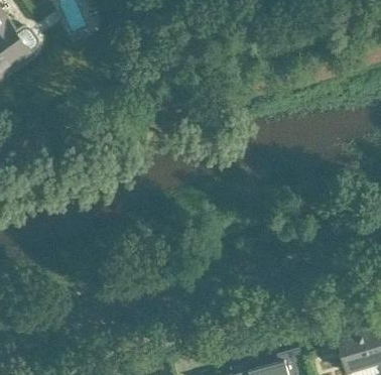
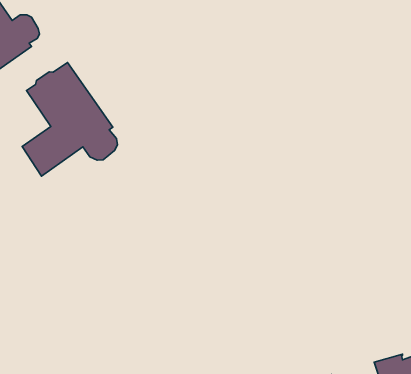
building: none -> [22,63,118,176]

